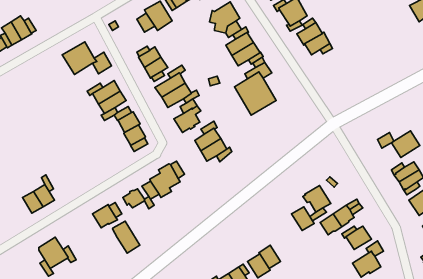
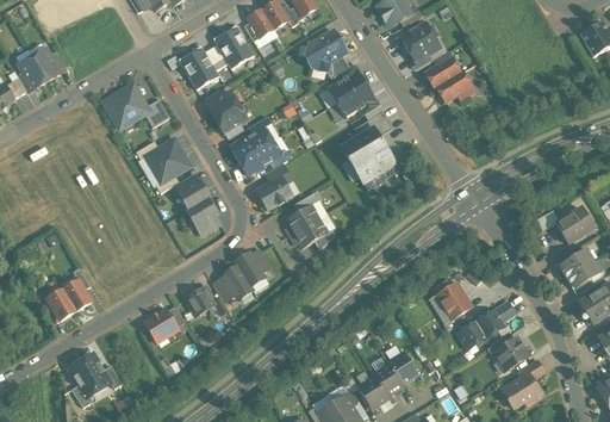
building: none -> [182,48,219,88]
building: [292,207,314,230] -> [387,352,418,384]
building: [113,221,140,253] -> none

